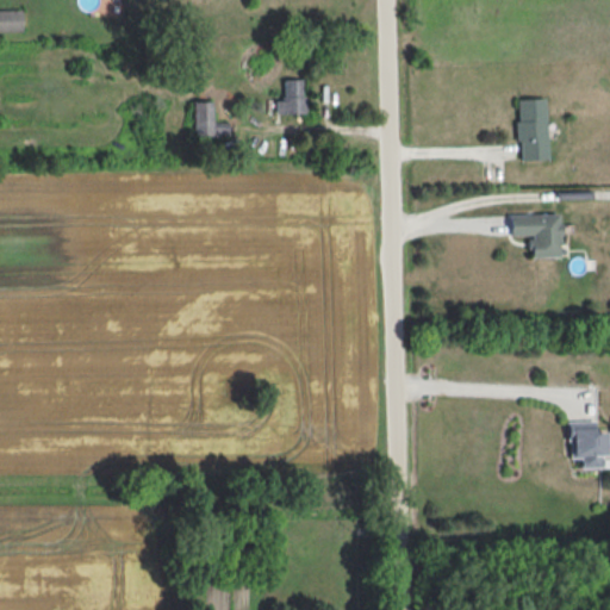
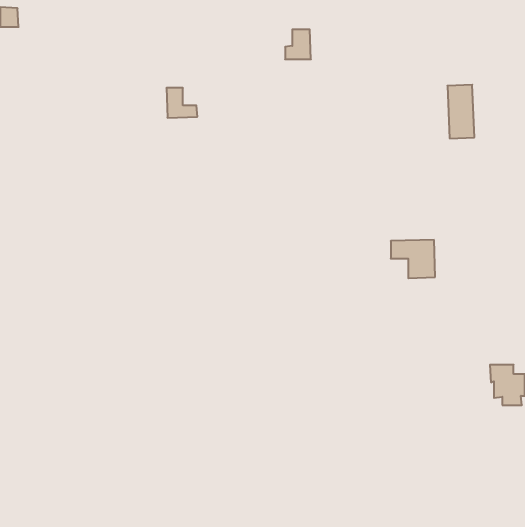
building: [278,80,307,114] -> [285,29,311,59]
building: [511,214,562,259] -> [391,240,435,278]

